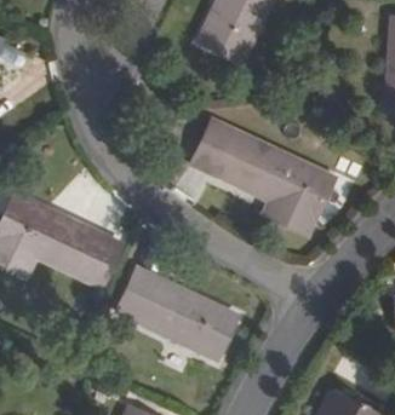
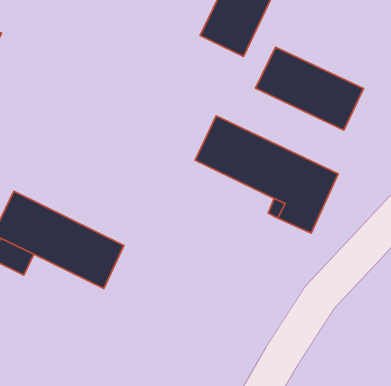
building: none -> [255,47,363,130]
building: [116,267,235,358] -> none

